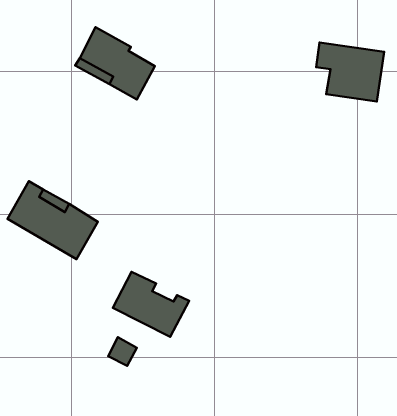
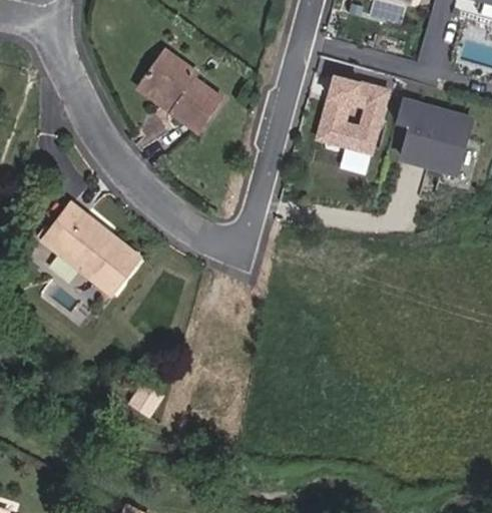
building: none -> [317,74,387,151]
building: [113,272,189,337] -> none

